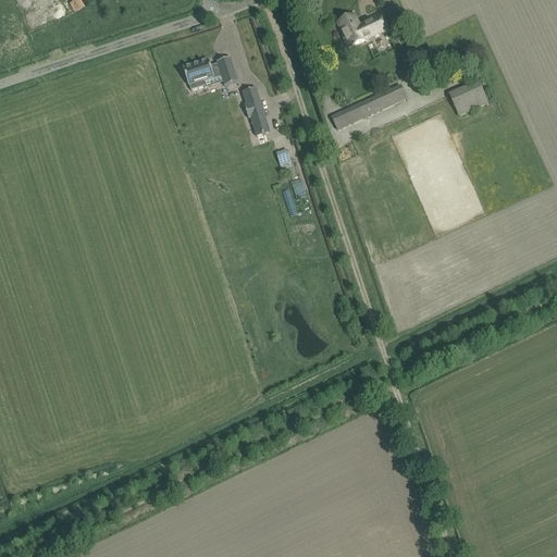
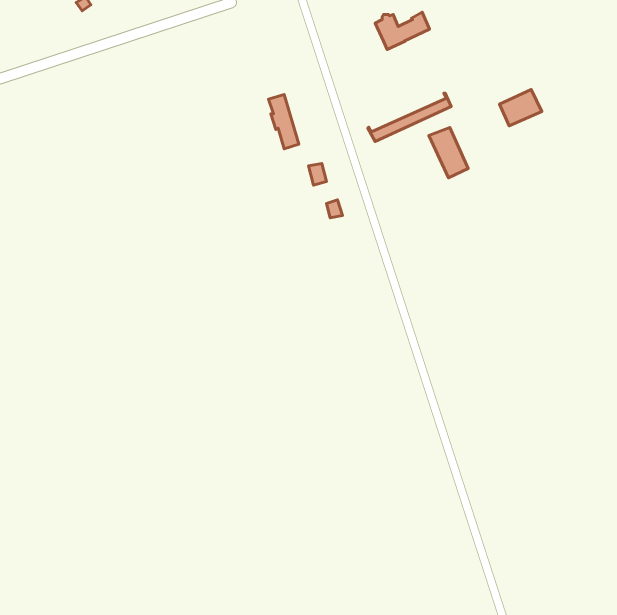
building: [182,55,237,88] -> none
building: none -> [429,128,468,178]

